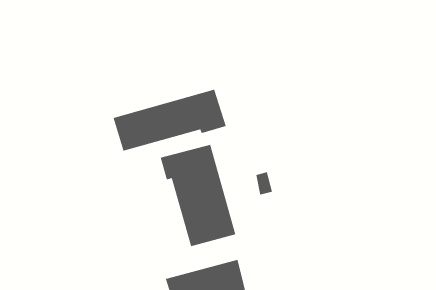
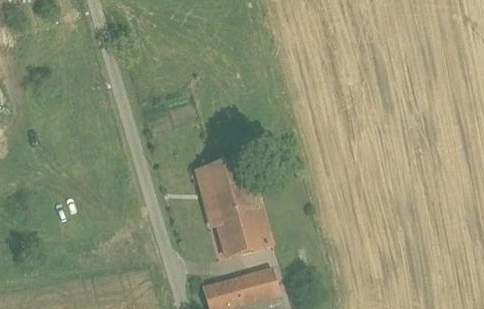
building: [113,89,226,152] -> none

